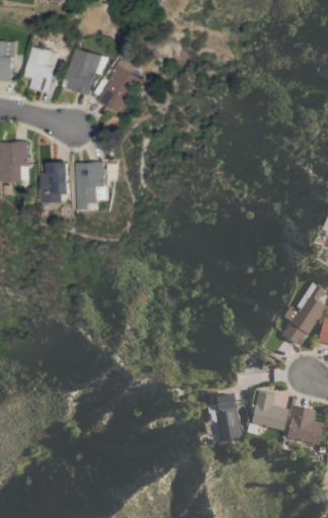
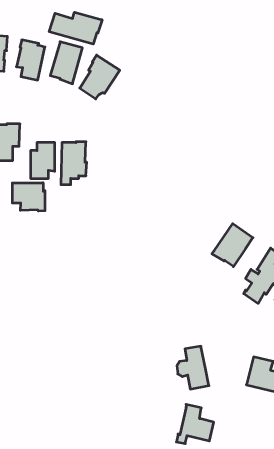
building: none -> [49,12,102,44]
building: none -> [12,183,45,211]
building: none -> [212,224,253,267]
building: [247,390,290,434] -> [176,404,214,444]

